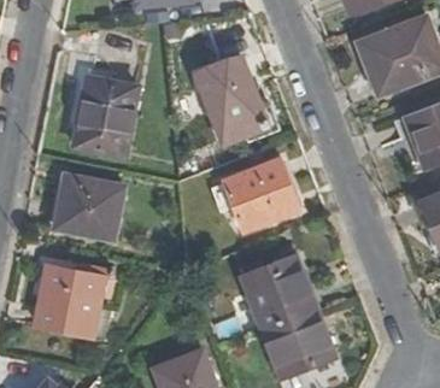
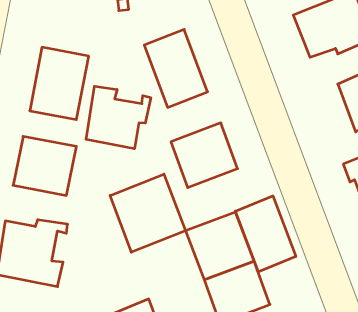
building: none -> [86,86,151,149]
building: none -> [110,174,185,252]
building: none -> [235,196,296,272]

